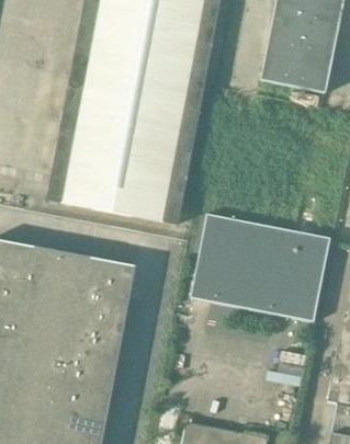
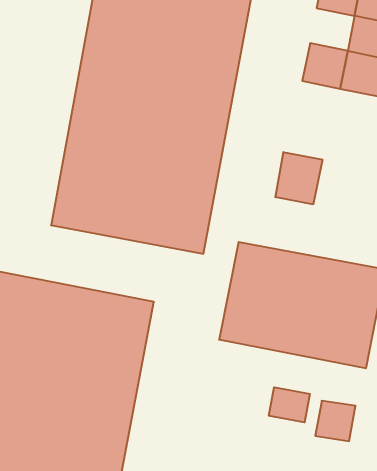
building: [267,18,304,54] -> none
building: none -> [275,152,322,204]
building: none -> [269,387,310,422]

